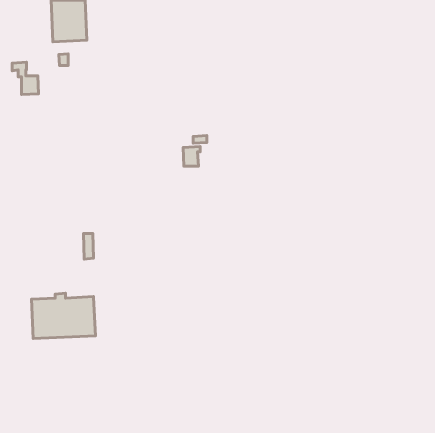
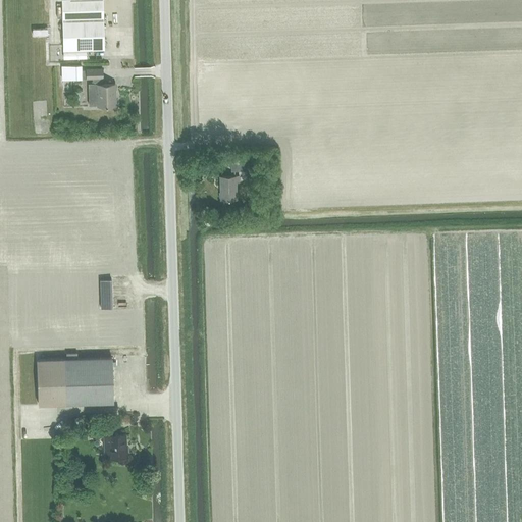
building: [12,62,39,95] -> [86,70,117,109]
building: none -> [101,427,128,464]

